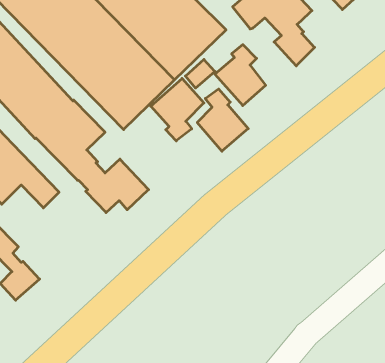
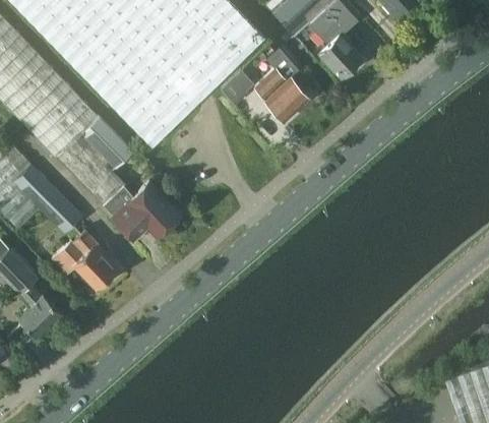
building: [151,78,204,141] -> none
building: [197,89,248,151] -> none
building: none -> [52,230,116,289]

